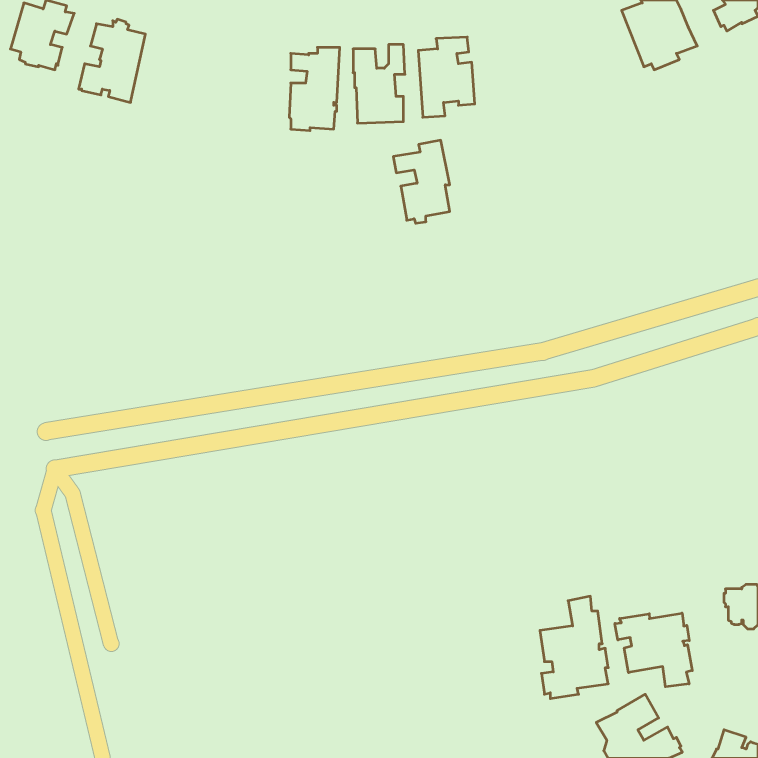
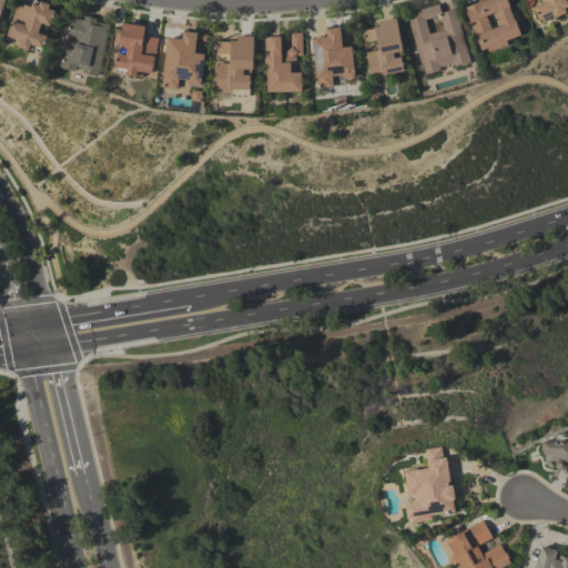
building: none -> [408,4,470,74]
building: none -> [114,22,159,77]
building: none -> [162,31,207,89]
building: [393,140,450,223] -> [362,18,404,80]
building: [615,613,692,687] -> none

